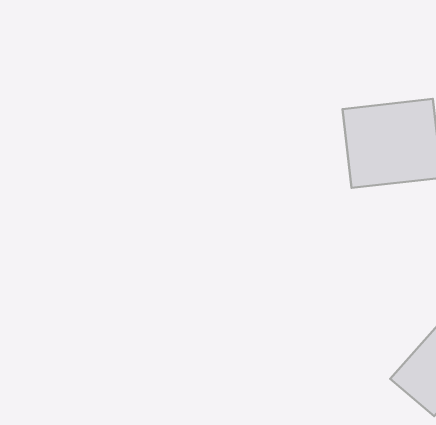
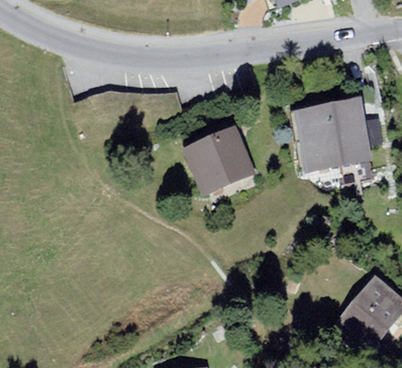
building: none -> [180,127,247,189]

